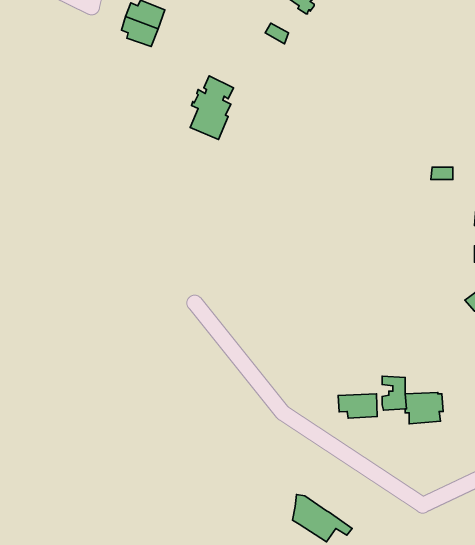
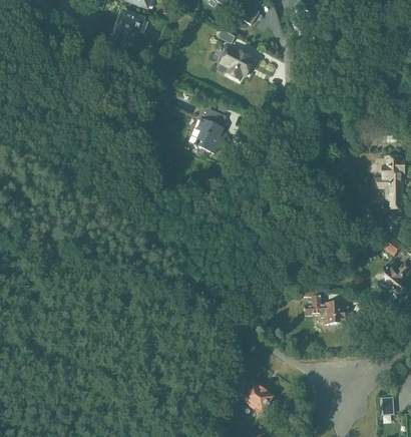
building: none -> [222,47,254,78]
building: [190,76,234,140] -> [194,106,227,153]
building: [338,394,377,418] -> none

